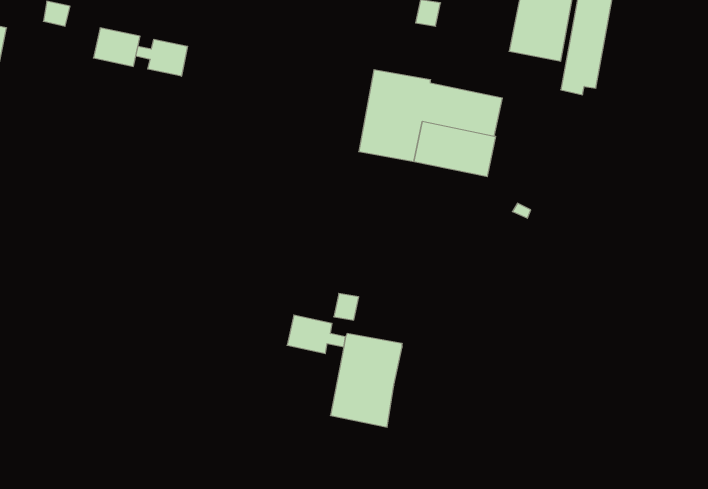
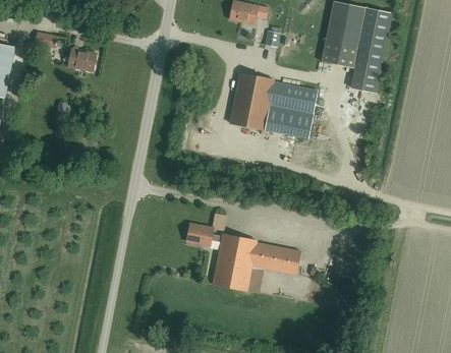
building: [136,39,188,76] -> none
building: none -> [251,242,300,274]

